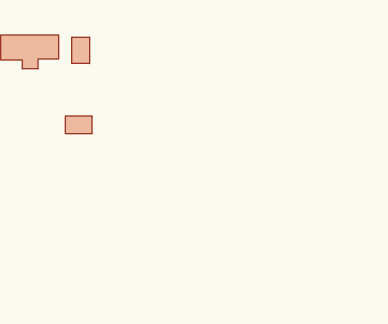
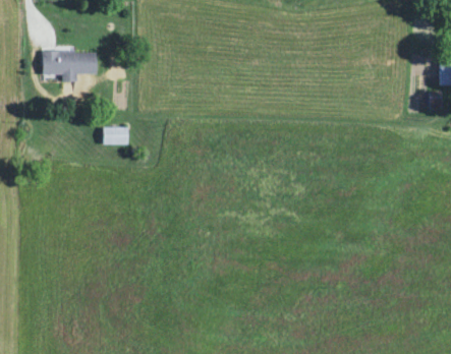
building: [72,37,90,64] -> none

